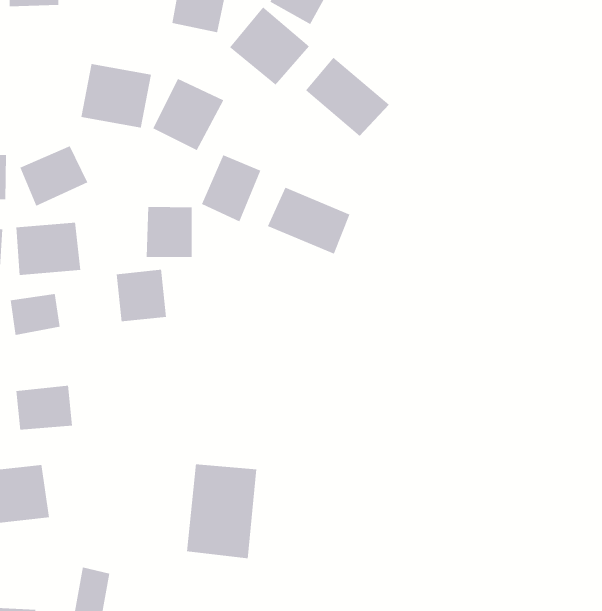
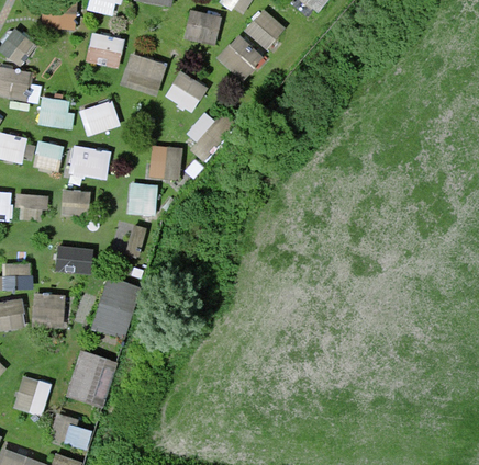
building: none -> [86,32,125,68]
building: [305,57,390,137] -> none
building: [267,187,350,255] -> none
building: [186,464,257,559] -> [93,275,144,338]

